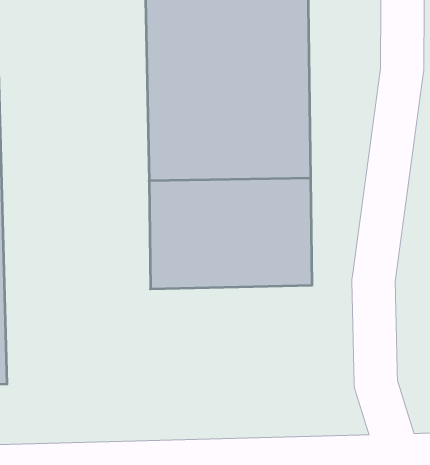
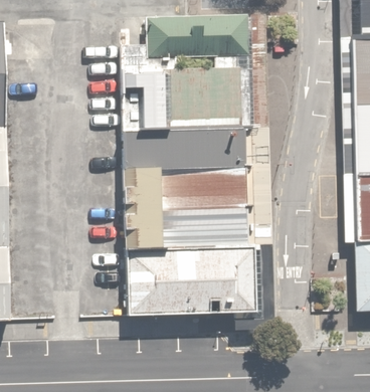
building: none -> [123,244,249,316]

